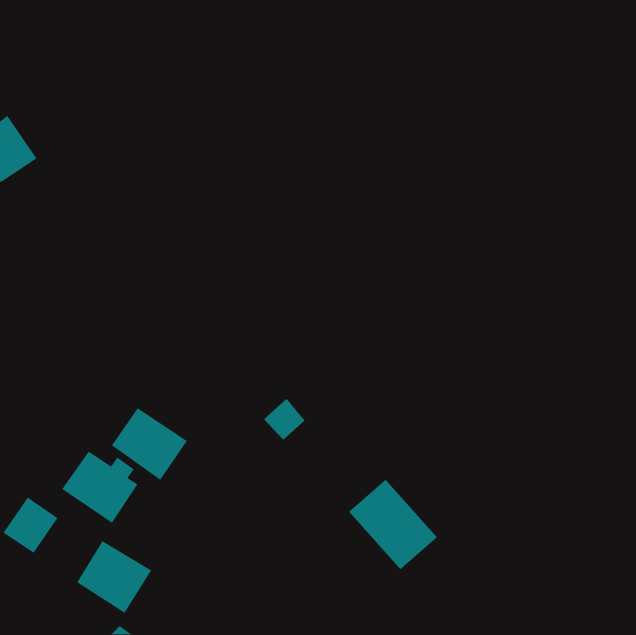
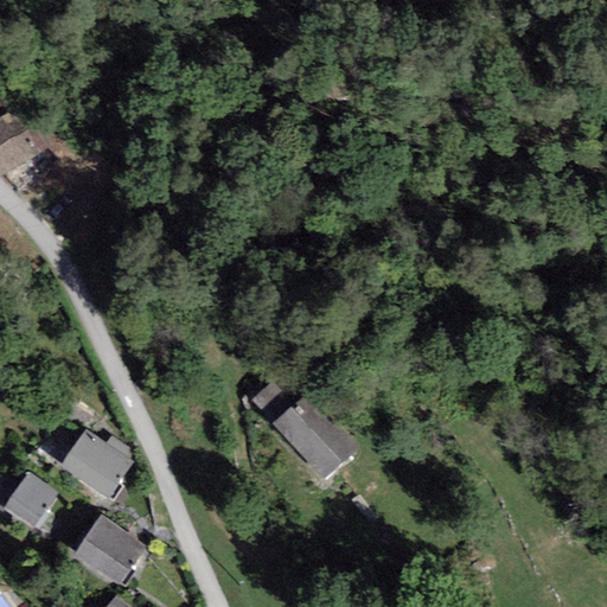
building: [111,407,188,481] -> none
building: [348,479,438,570] -> [273,392,358,479]

